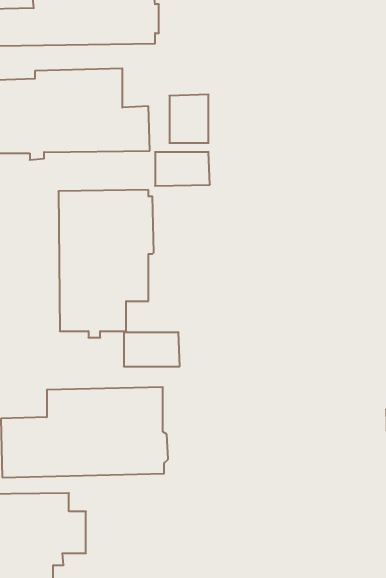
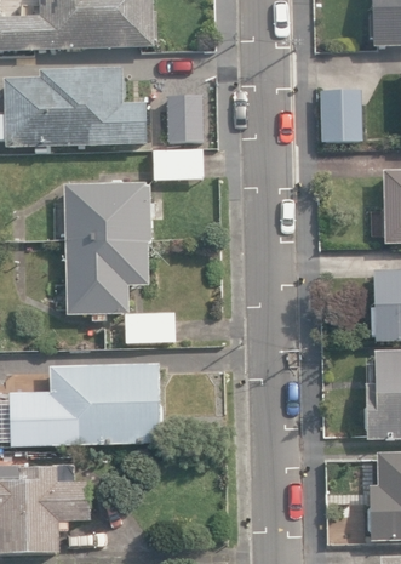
building: none -> [319,85,360,137]

